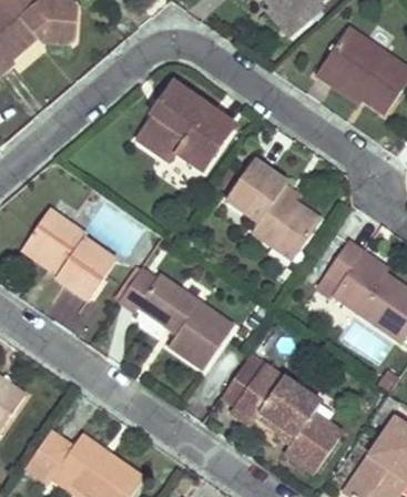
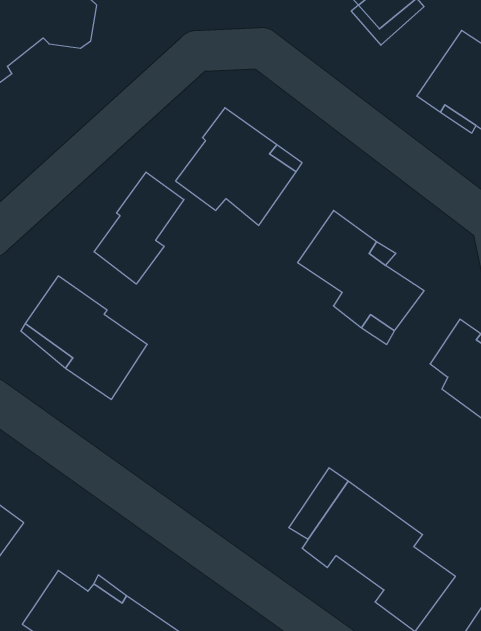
building: none -> [94,172,184,284]
building: [118,267,233,369] -> none

